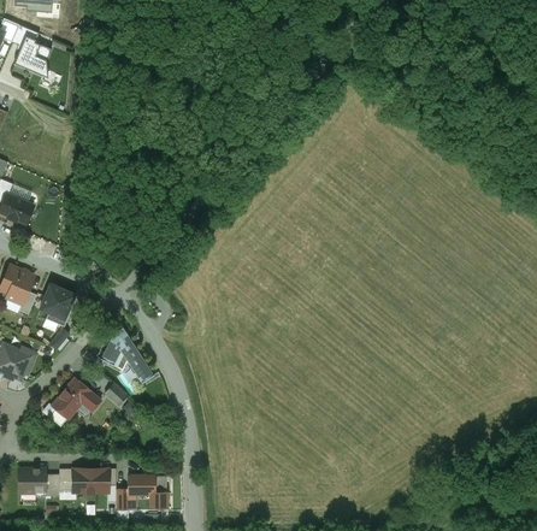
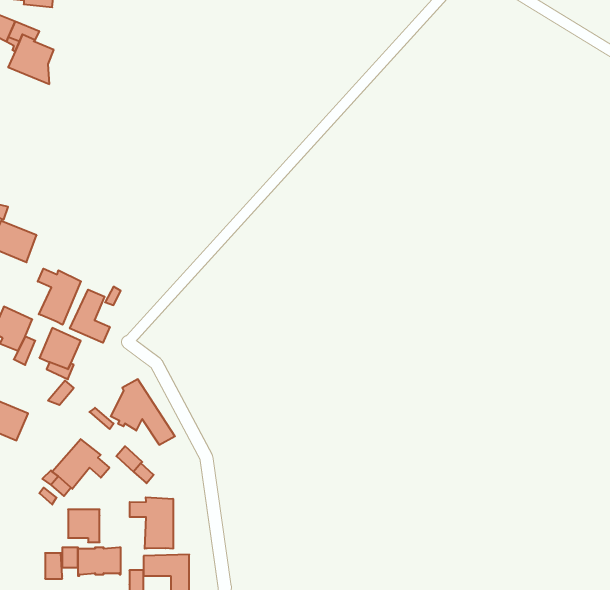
building: none -> [38,269,81,325]
building: none -> [70,290,110,343]
building: none -> [130,497,173,549]
building: [18,470,45,497] -> [68,509,100,542]

